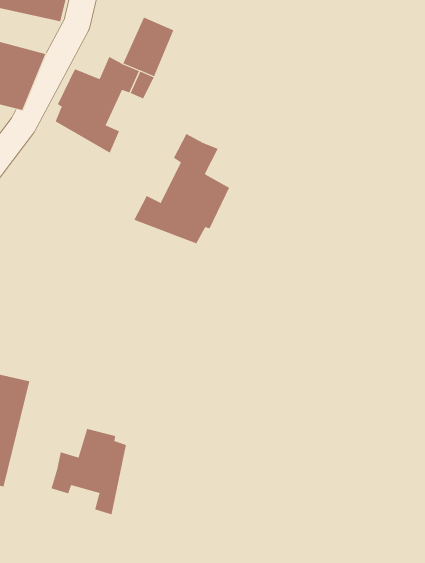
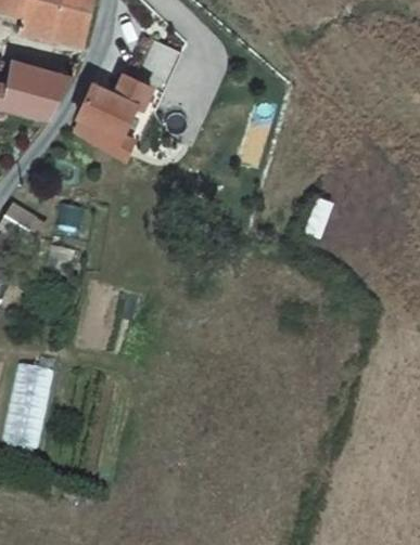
building: [134,133,230,244] -> none
building: [51,428,126,515] -> none

